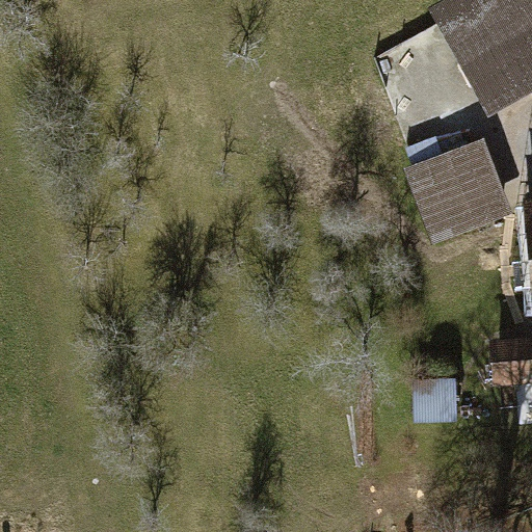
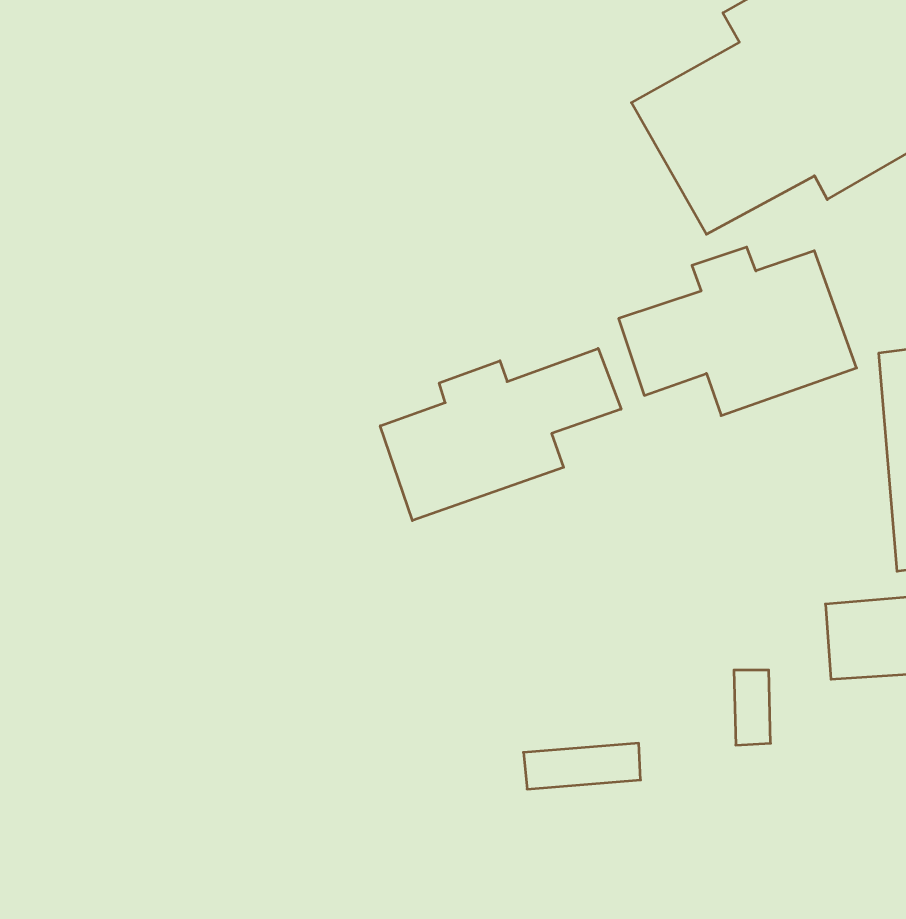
building: none -> [380,348,621,521]

